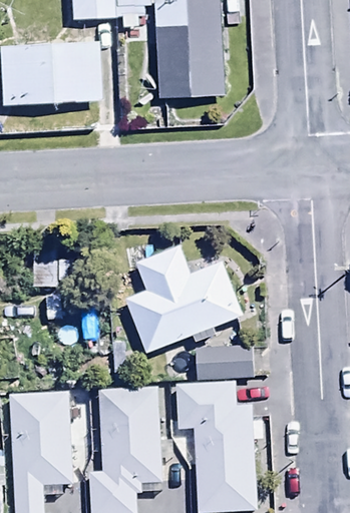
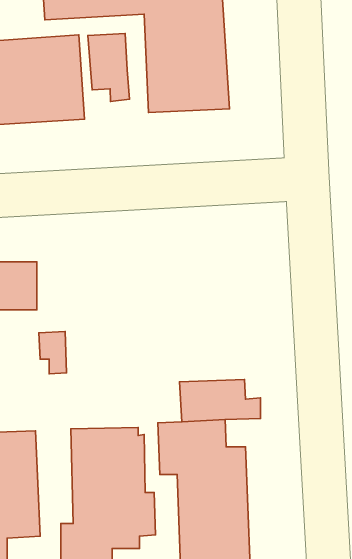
building: none -> [88,34,129,101]
building: [120,243,242,352] -> none

